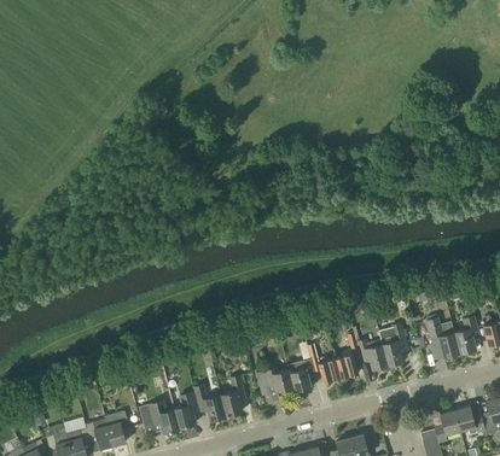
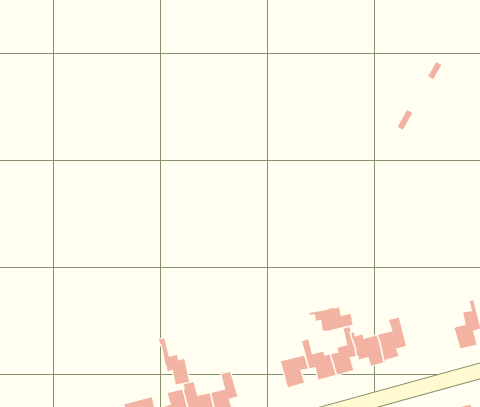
building: none -> [309,306,353,332]
building: [415,315,459,357] -> none
building: none -> [158,338,190,385]
building: [256,368,292,396] -> none

